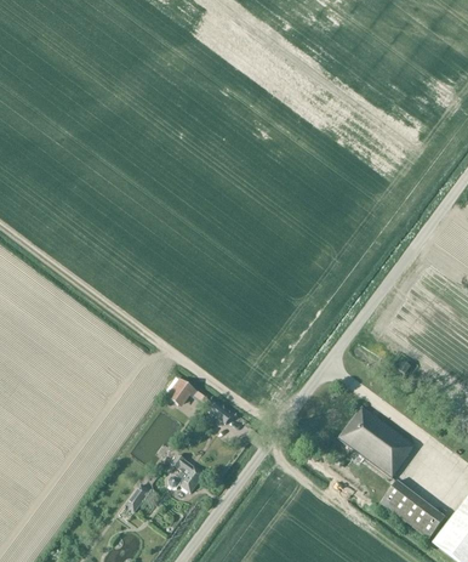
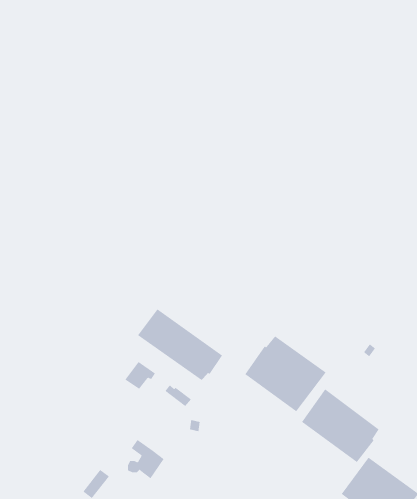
building: none -> [137,309,223,381]
building: none -> [245,335,327,412]

